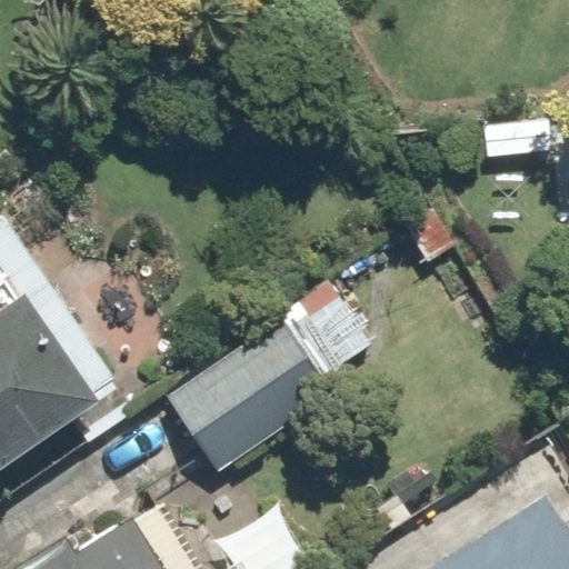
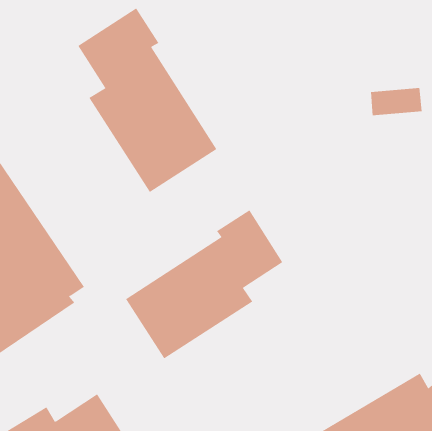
building: none -> [78,8,217,193]

